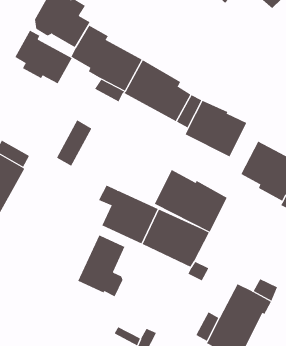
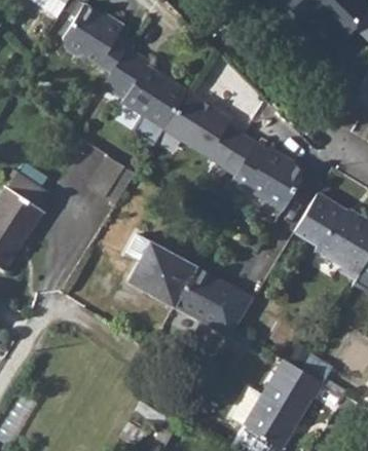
building: [14,30,73,84] -> none
building: [154,169,228,232] -> none
building: [78,234,125,297] -> none

